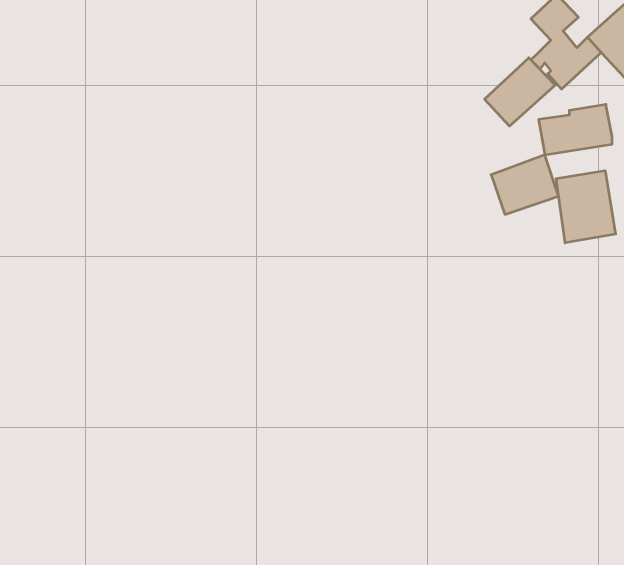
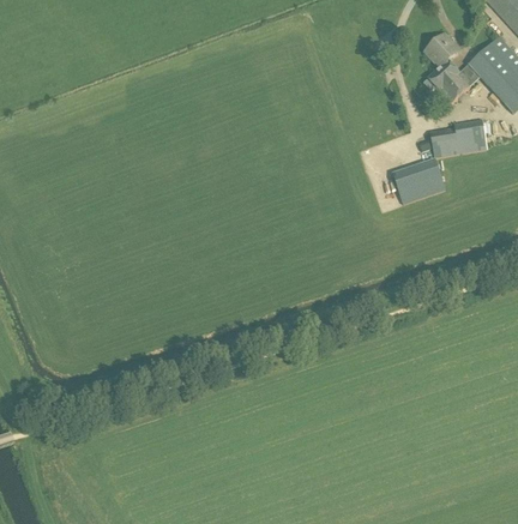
building: [485,58,555,126] -> none
building: [556,171,616,243] -> none

